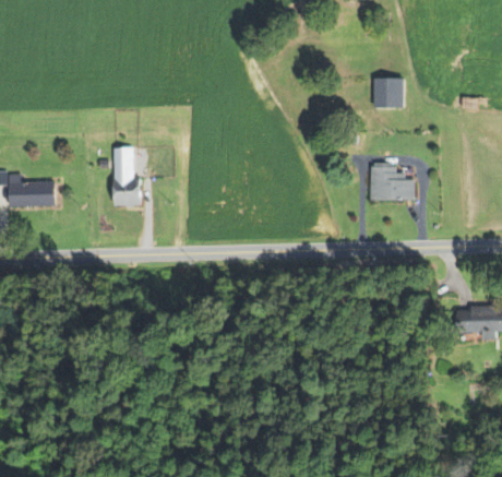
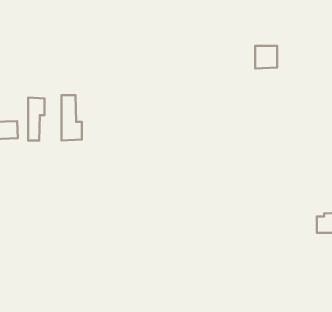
building: none -> [28,98,44,140]
building: [370,163,415,202] -> none

